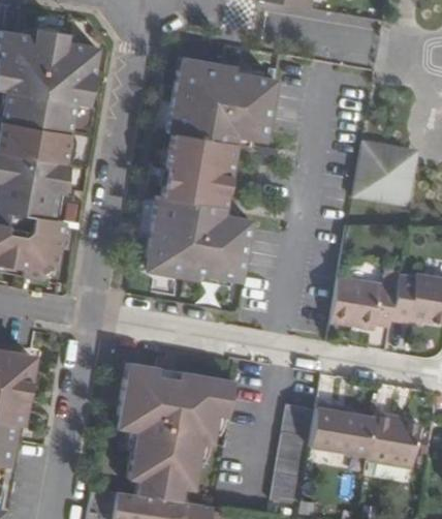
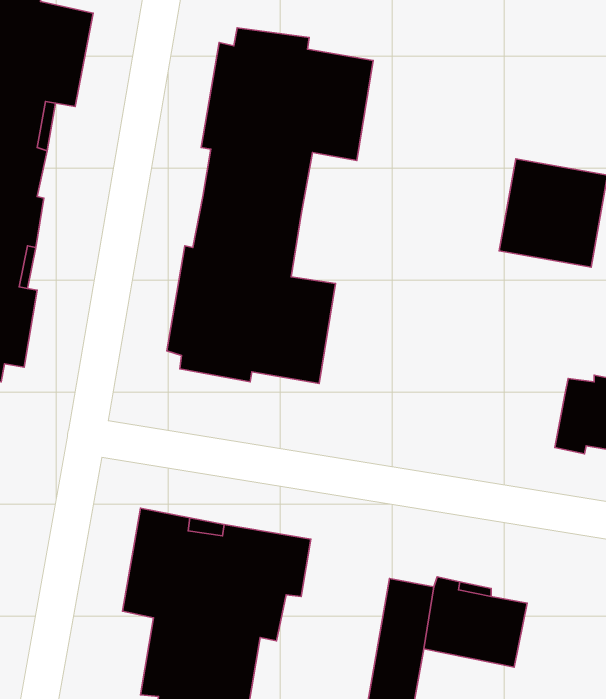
building: [329,278,396,331] -> none
building: [364,415,417,471] -> none

